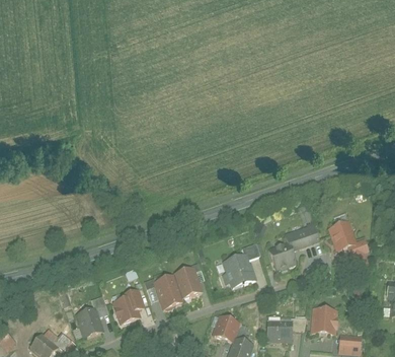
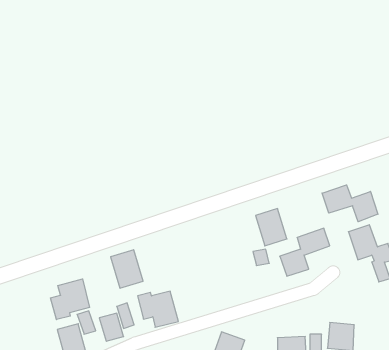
building: none -> [322,185,378,222]
building: [225,253,252,285] -> [256,209,287,246]
building: [177,266,206,299] -> [111,250,143,288]
building: none -> [51,279,90,320]

